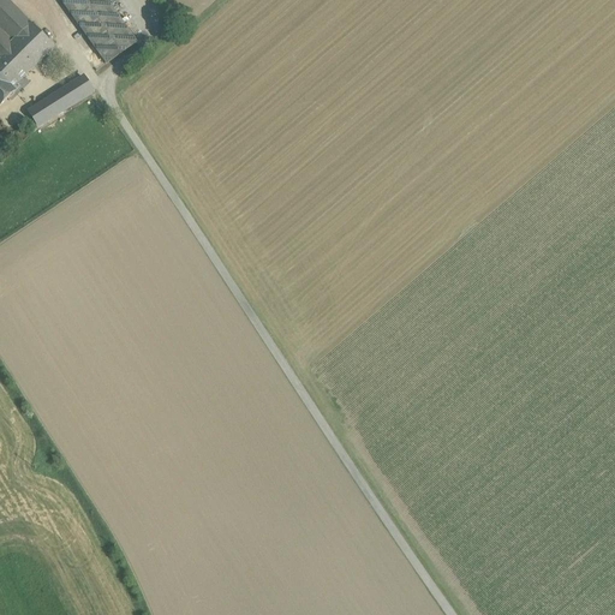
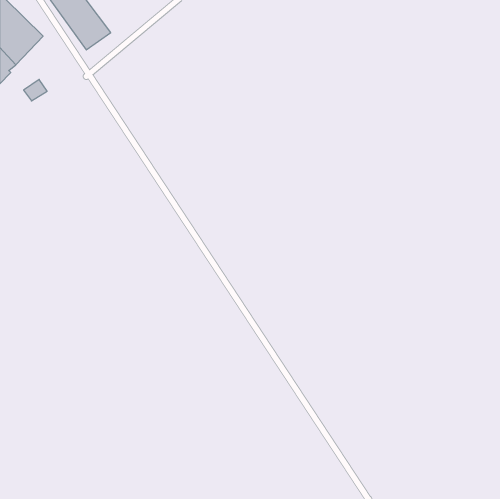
building: [48,76,92,112] -> none

